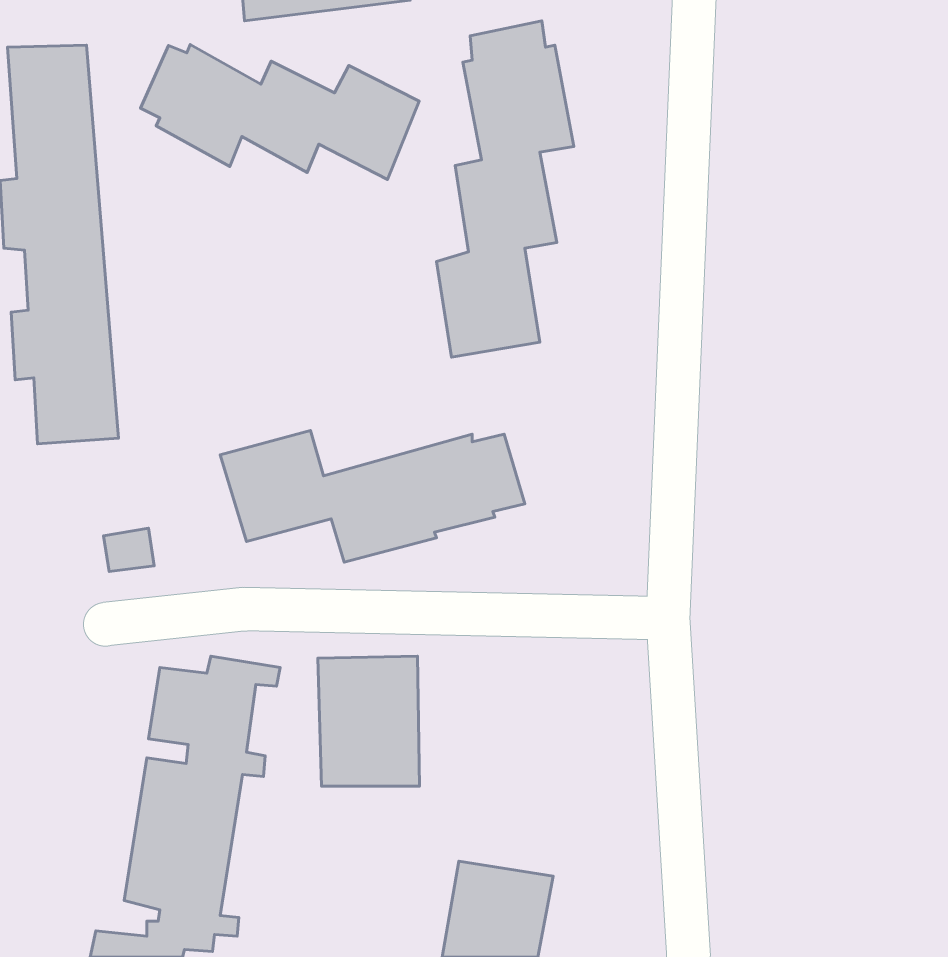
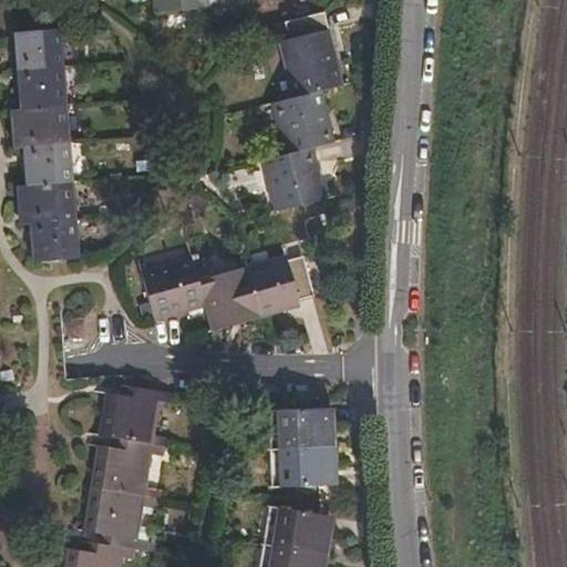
building: [141,44,419,180] -> none
building: [318,656,419,786] -> [277,408,337,484]

